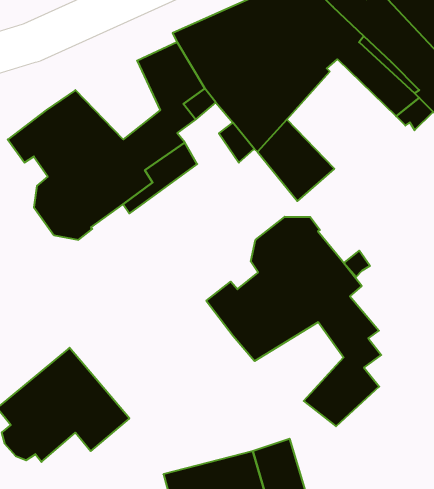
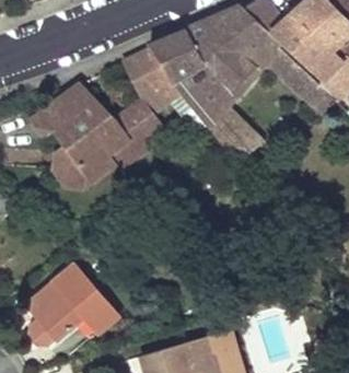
building: [206,217,381,426] -> none

